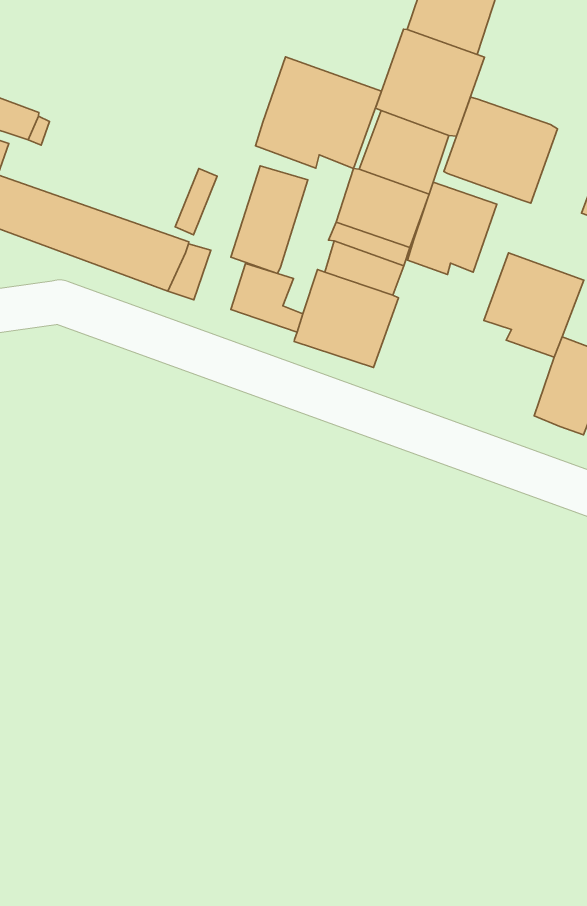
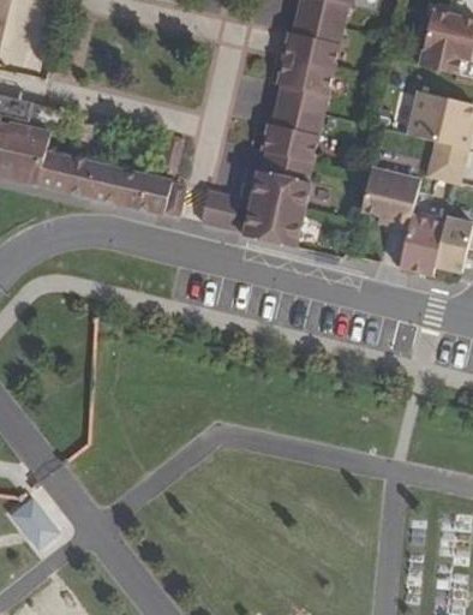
building: [255,57,381,169] -> none
building: [444,97,558,203] -> none
building: [231,166,308,273] -> none
building: [407,182,497,275] -> none

